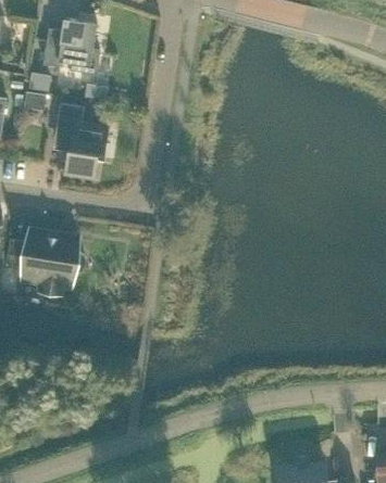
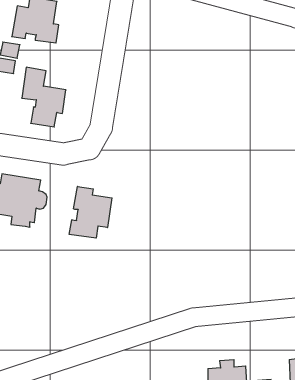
building: none -> [69,186,112,238]

